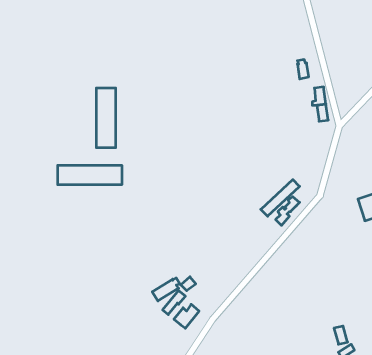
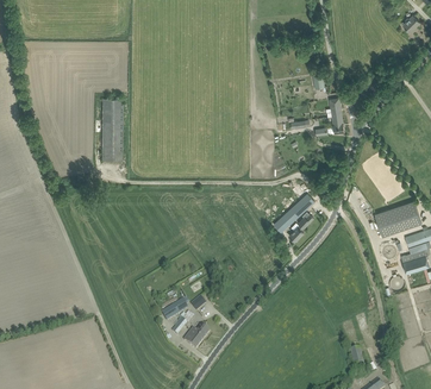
building: [58,165,122,185] -> none

